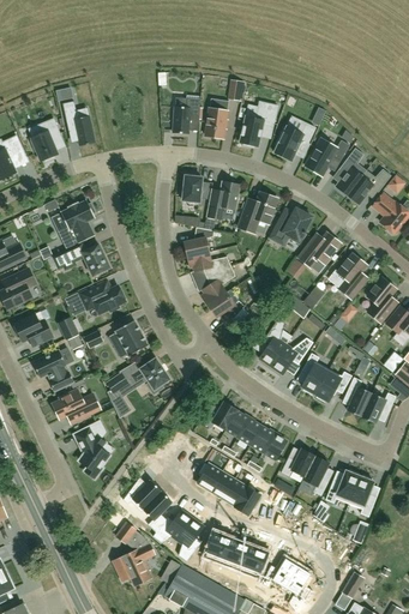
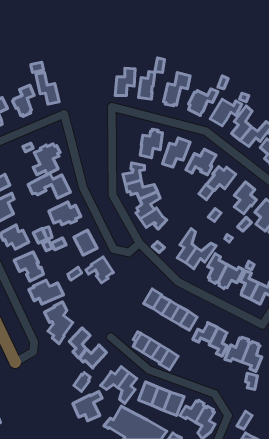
building: [182,173,210,201] -> none
building: [143,490,172,532] -> [69,328,90,358]

